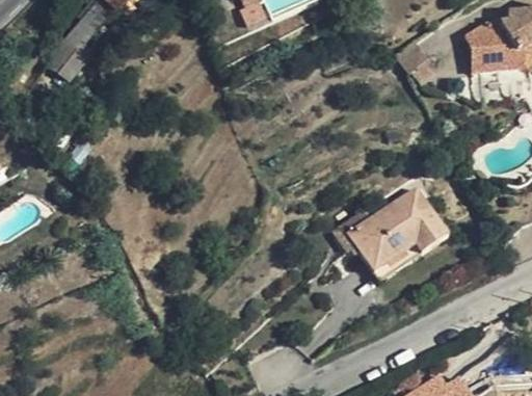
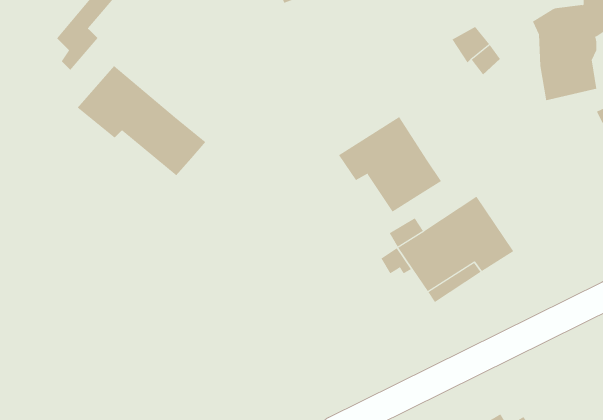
building: none -> [77,65,206,176]
building: none -> [338,116,442,213]

